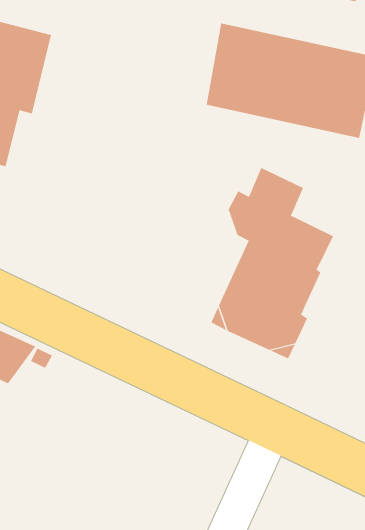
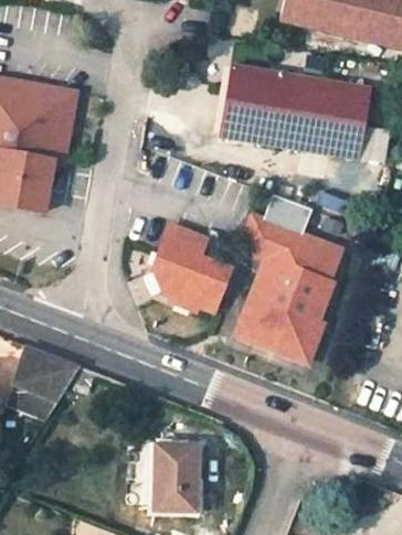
building: none -> [154,224,232,309]
building: none -> [159,448,199,510]

